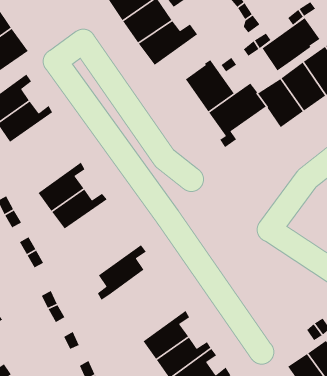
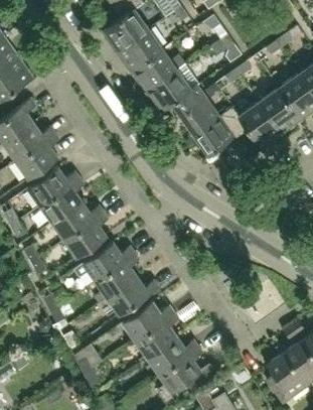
building: [261,17,321,72] -> [146,63,199,113]
building: none -> [15,134,59,178]
building: none -> [27,167,80,207]
building: none -> [64,213,108,258]
building: none -> [73,242,134,281]
building: none -> [107,276,158,315]
building: none -> [123,302,174,340]

